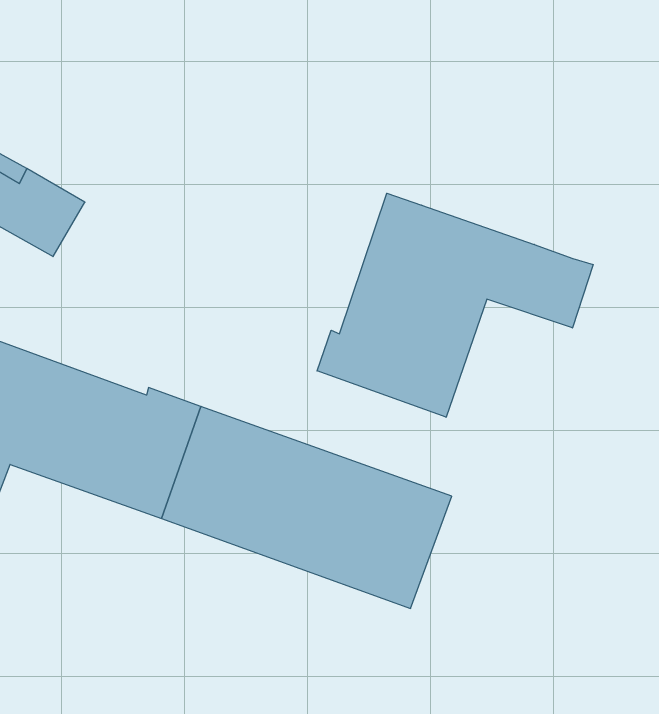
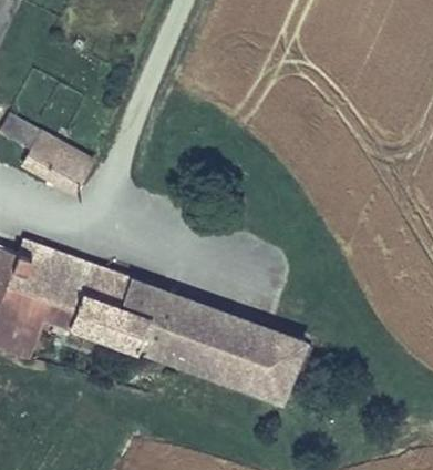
building: [317,193,593,417] -> none

